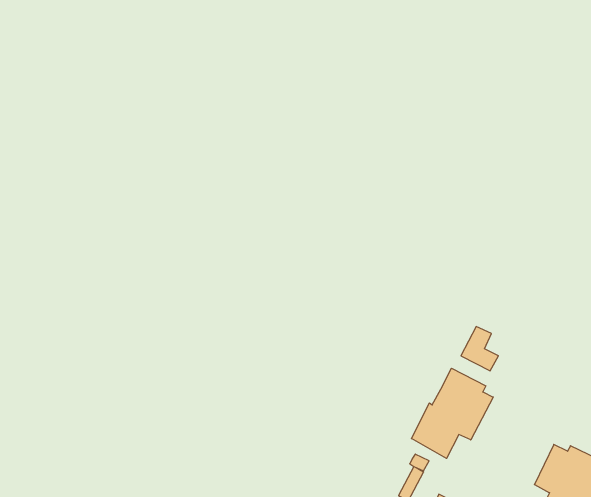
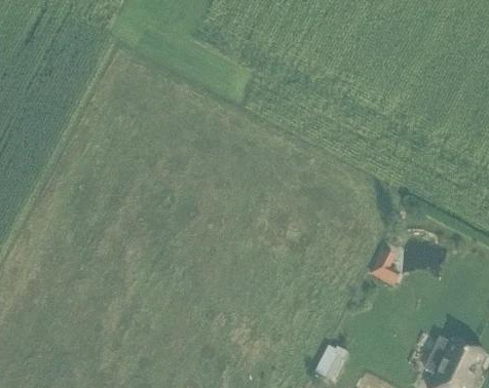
building: [411,368,493,458] -> none

